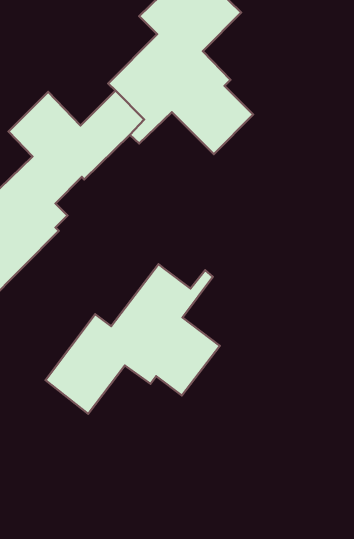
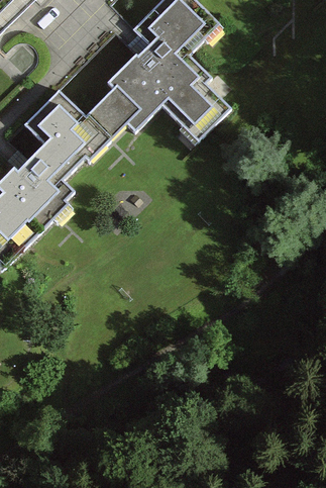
building: [46,264,220,414] -> none

